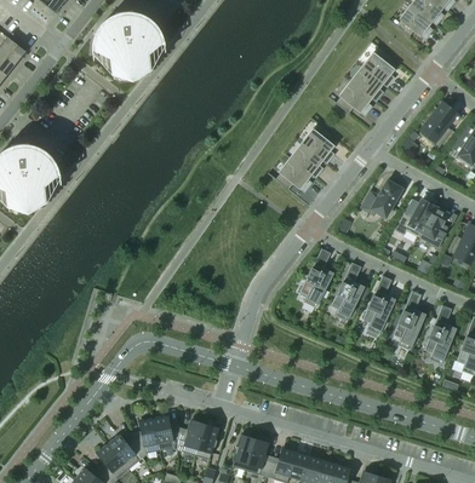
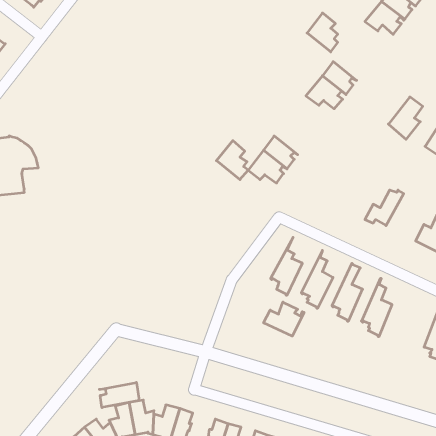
building: [91,12,164,74] -> none
building: [362,47,394,87] -> [307,13,338,52]
building: [302,123,334,163] -> [216,141,248,180]
building: [360,178,401,217] -> none
building: [417,203,447,248] -> none
building: [423,305,454,364] -> none
building: none -> [264,302,304,336]
building: none -> [99,382,139,408]

